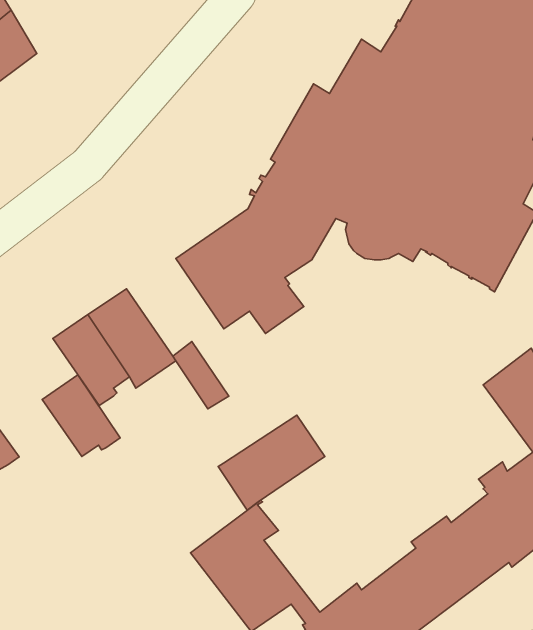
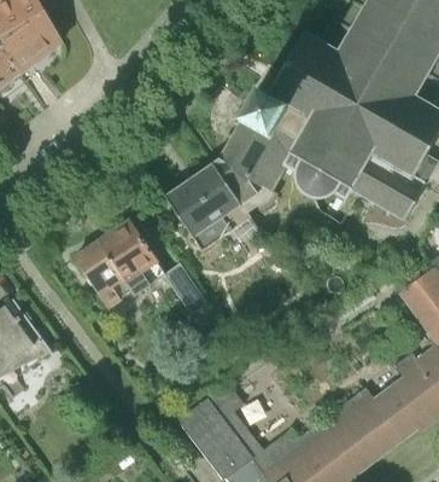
building: [42,375,120,456] -> none
building: [218,415,325,510] -> none

